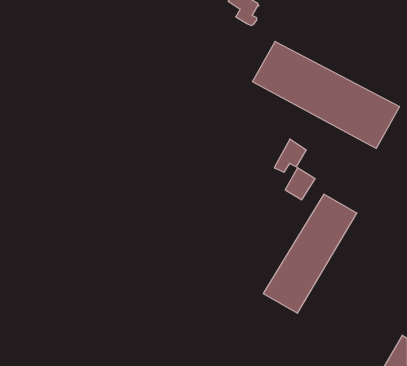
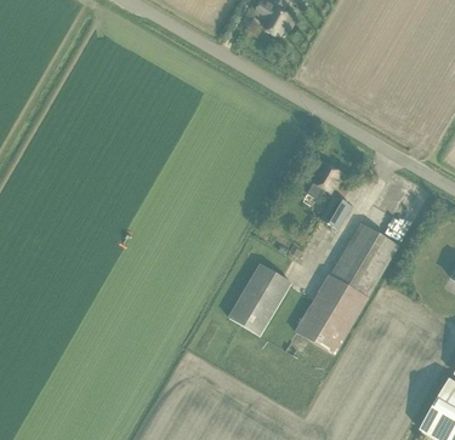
building: [252,41,399,148] -> none
building: none -> [227,262,291,335]

